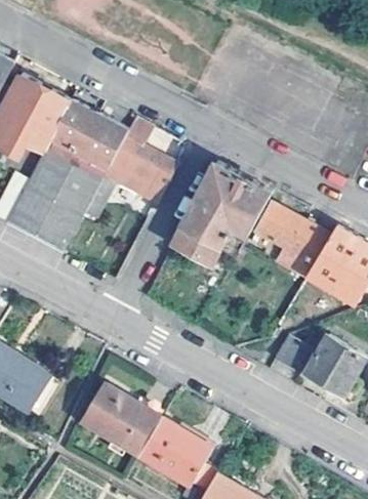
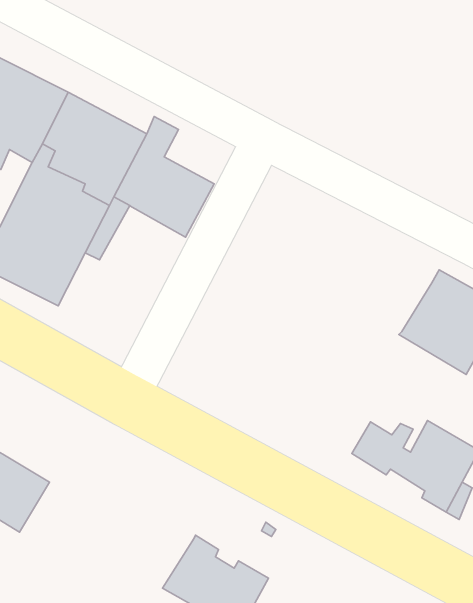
building: [165,162,271,266] -> none
building: [256,203,331,271] -> none
building: [83,384,161,455] -> none

